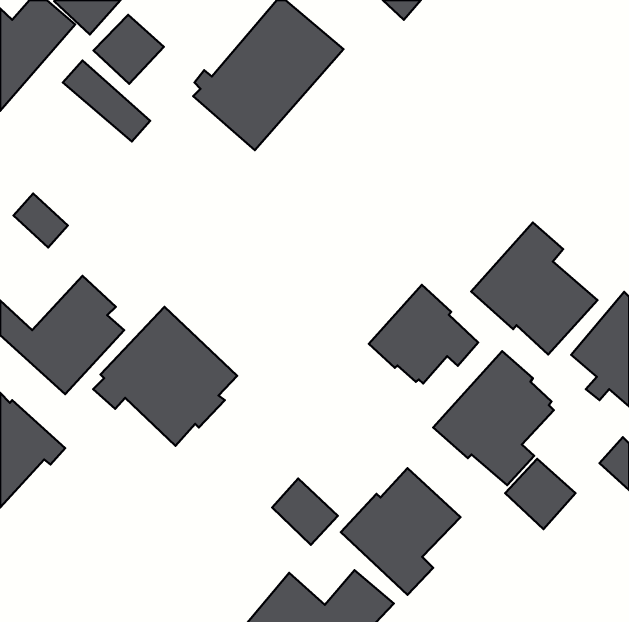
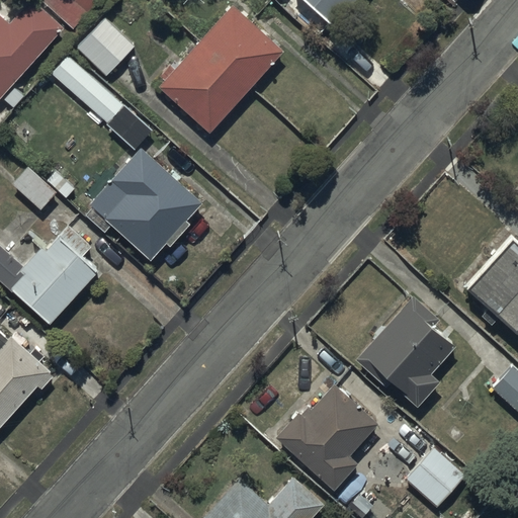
building: [471,222,598,355] -> none
building: [369,285,478,383] -> none
building: [93,307,237,446] -> [82,146,200,260]
building: [505,459,575,529] -> [410,455,467,513]
building: [272,479,338,545] -> none

